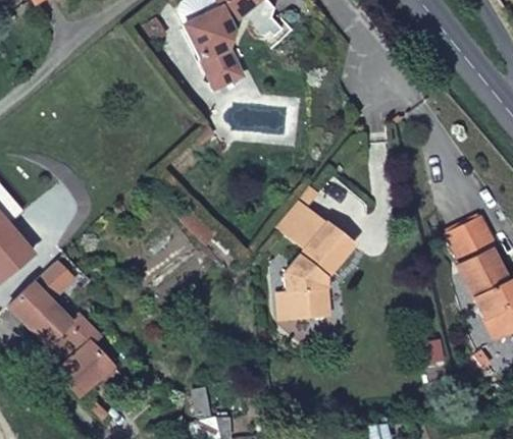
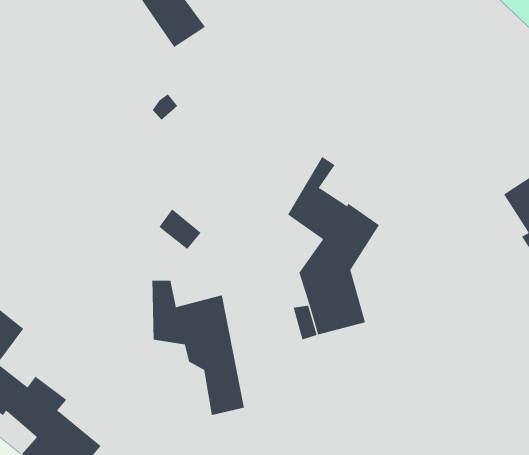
building: none -> [152,280,245,416]

